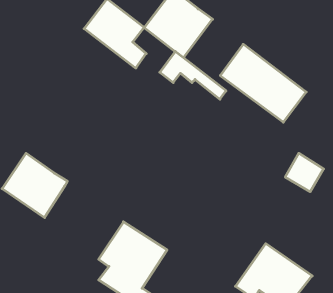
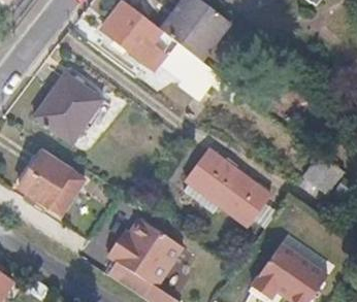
building: [220,44,306,122] -> [189,148,274,226]
building: none -> [35,74,102,143]

